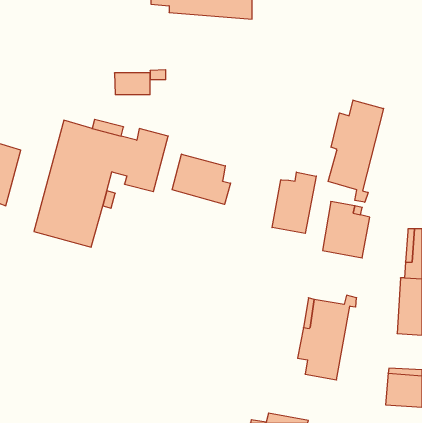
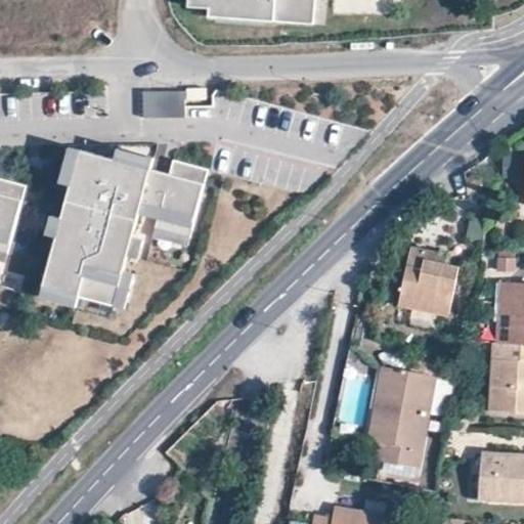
building: [328,100,384,202] -> none
building: [172,154,231,204] -> none
building: [272,172,316,233] -> none

